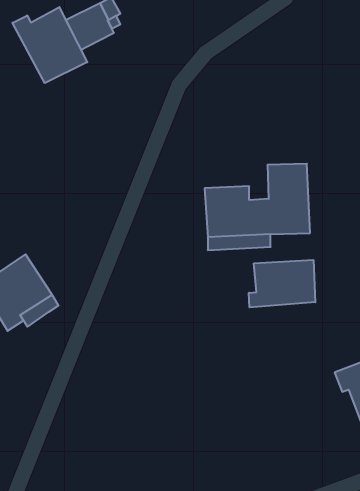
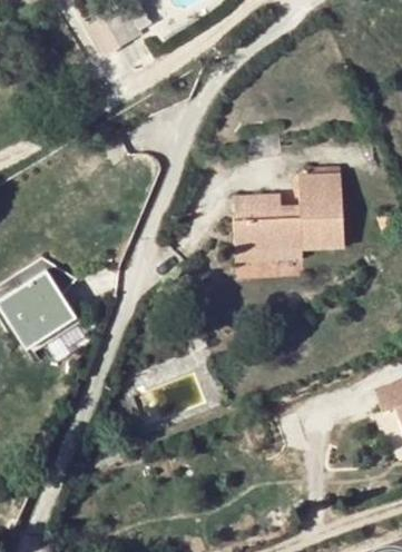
building: [12,7,87,83] -> none
building: [249,260,315,307] -> none

